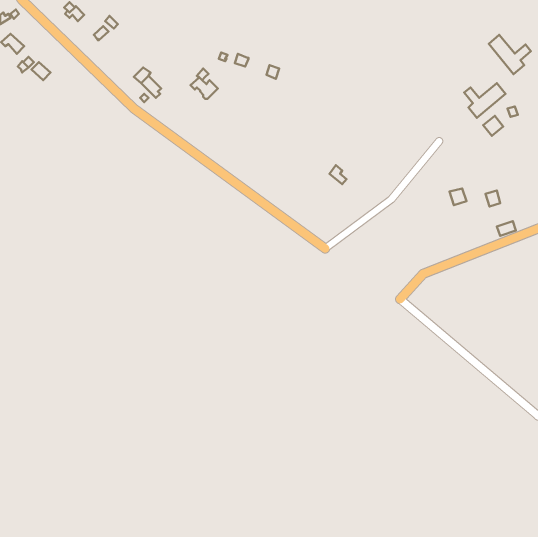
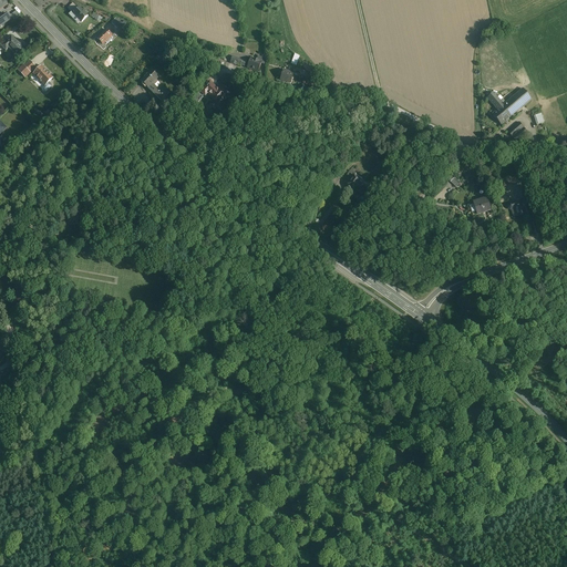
building: [489,35,531,74] -> none

